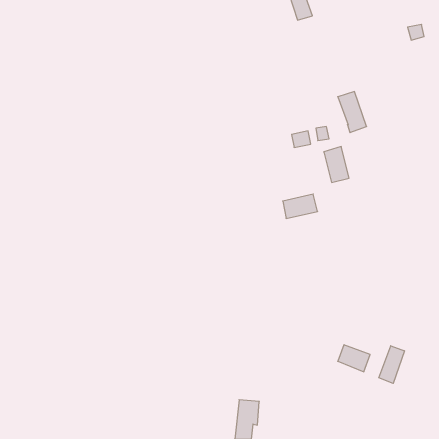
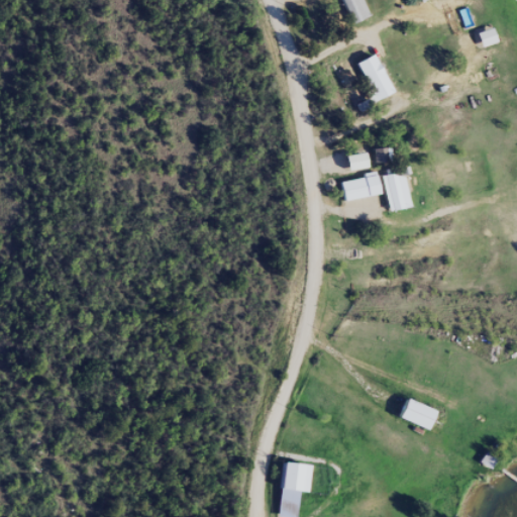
building: [338,92,367,133] -> [361,54,395,101]
building: [283,194,318,218] -> [342,173,383,201]
building: [379,346,404,383] -> none

